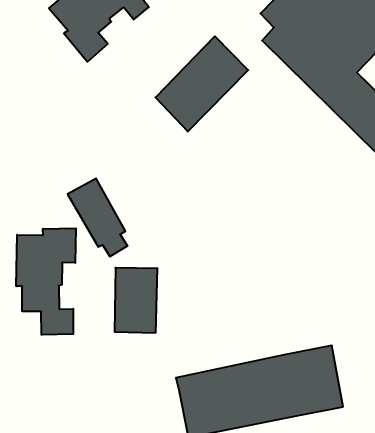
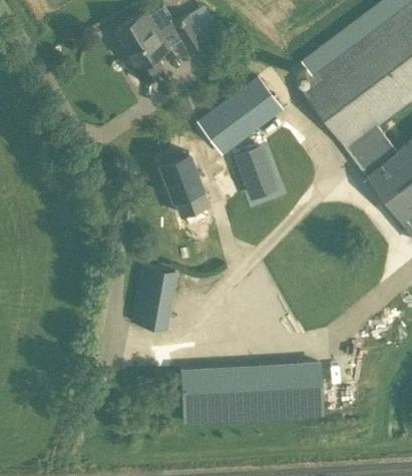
building: none -> [238,146,278,195]
building: [68,178,128,256] -> [161,153,208,223]
building: [16,228,76,335] -> none

